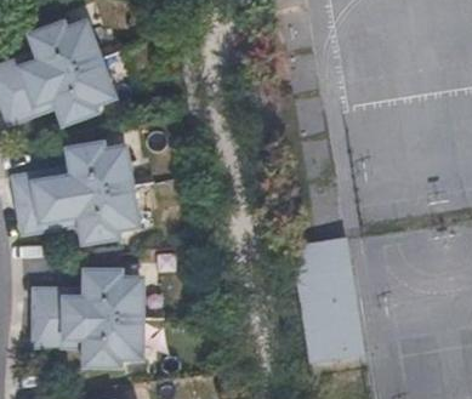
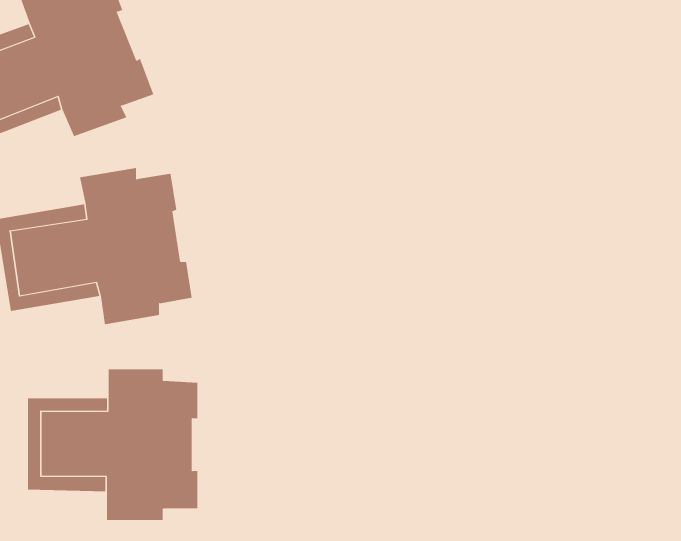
building: [292,236,359,358] -> none

